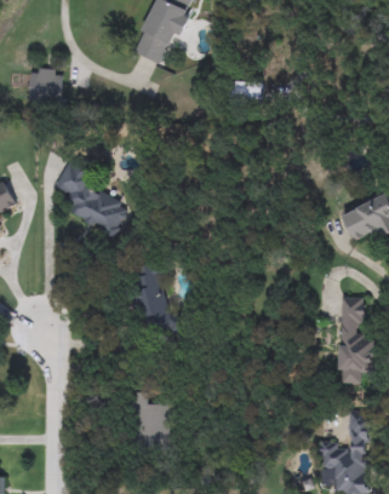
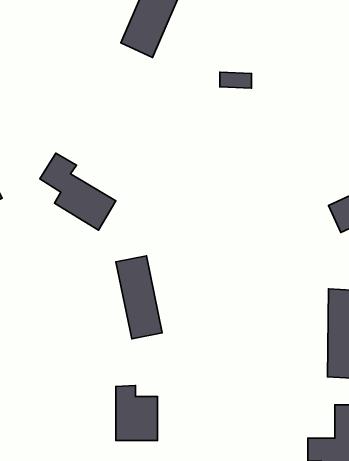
building: [29,68,62,102] -> none

